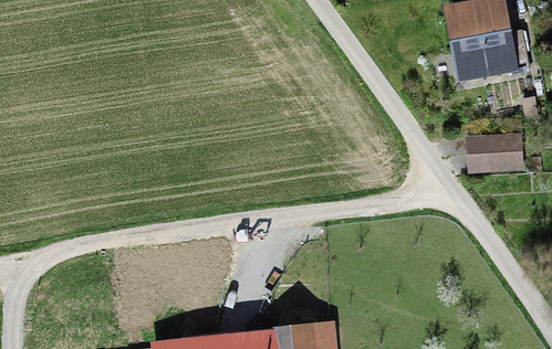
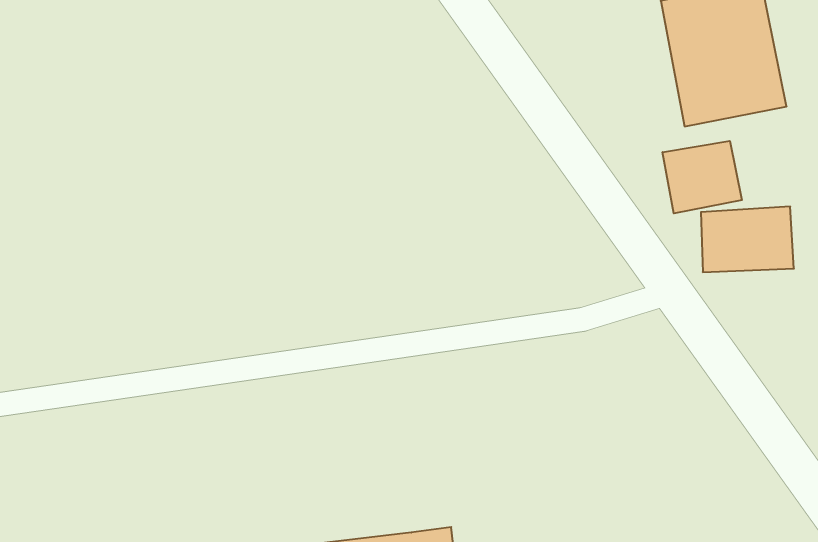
building: none -> [663,141,742,213]

